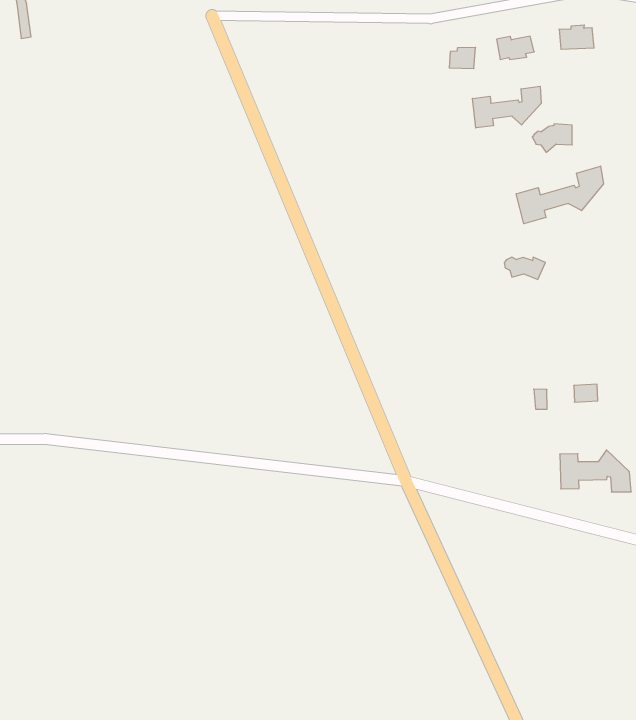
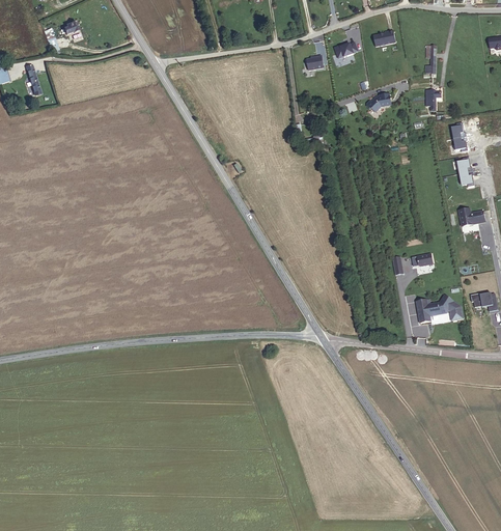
building: [472,86,541,128] -> none
building: [516,166,604,224] -> none

